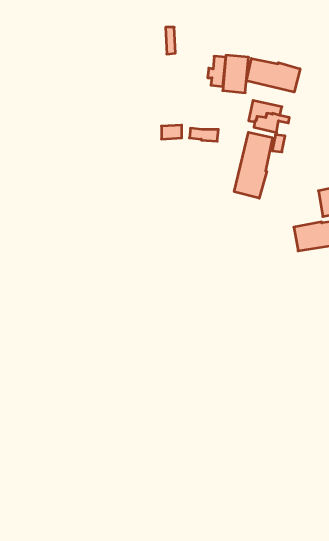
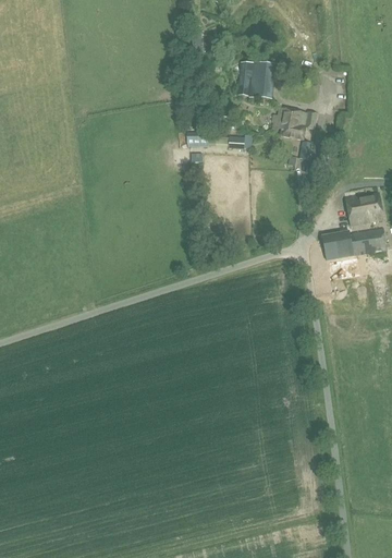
building: [246,58,300,92] -> none
building: [234,132,272,198] -> none

